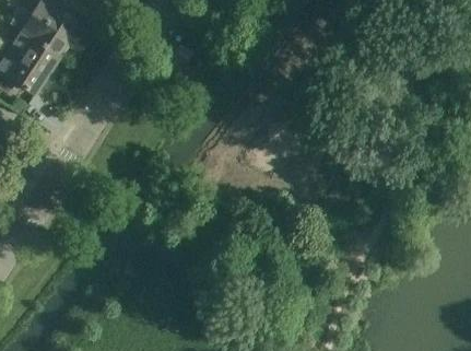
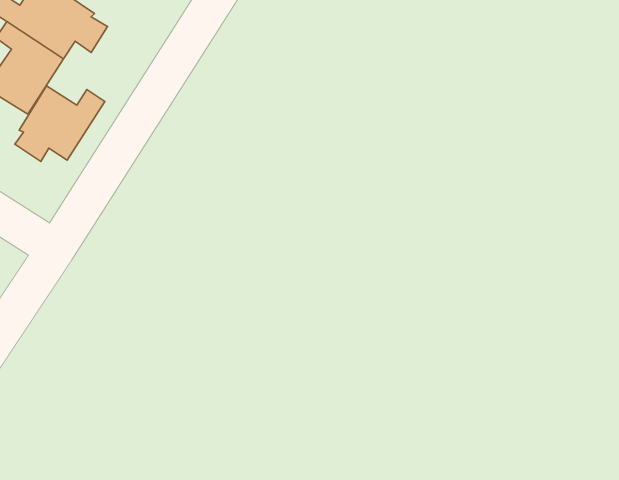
building: none -> [15,86,105,162]

